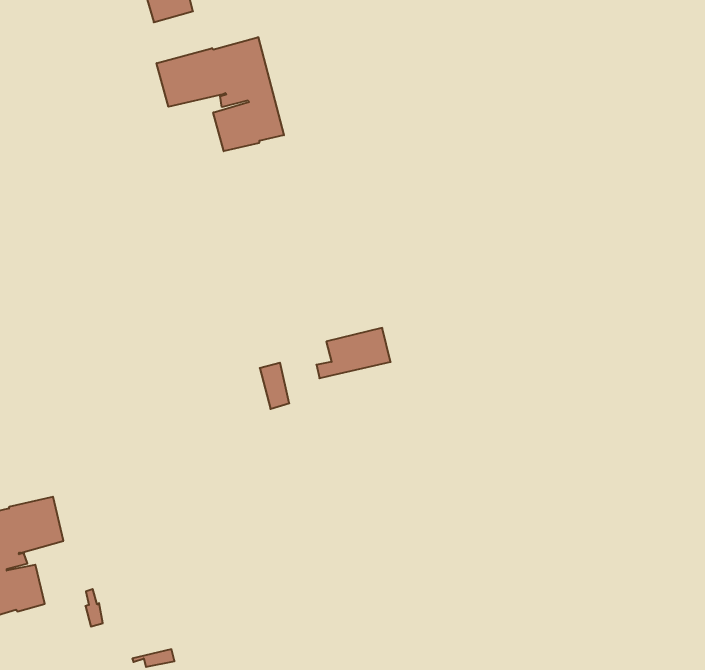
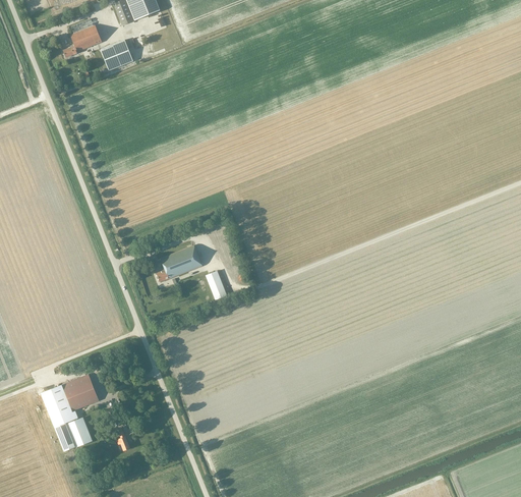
building: [157,37,284,151] -> none
building: [316,328,391,378] -> [157,245,202,282]

